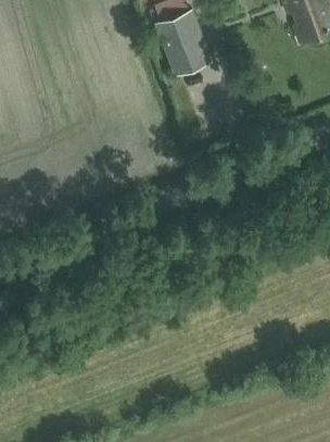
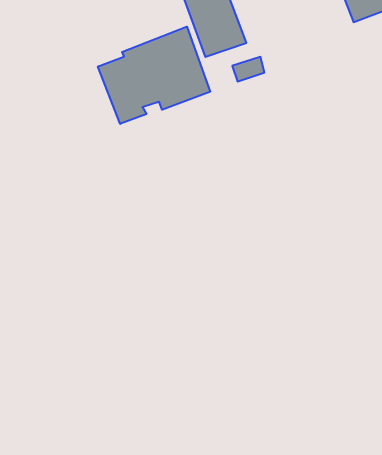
building: none -> [98,27,210,124]

